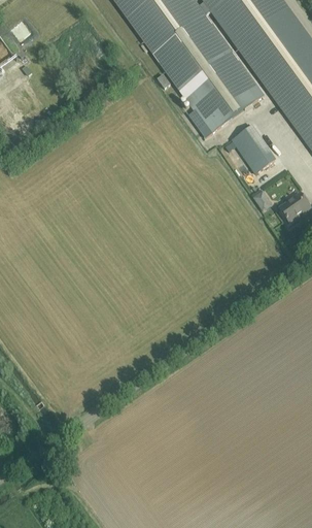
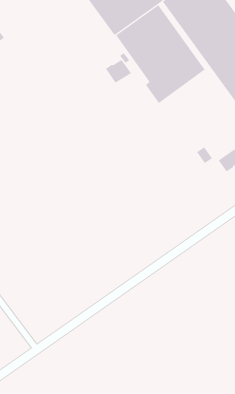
building: none -> [105,56,132,84]
building: [231,125,274,171] -> none

